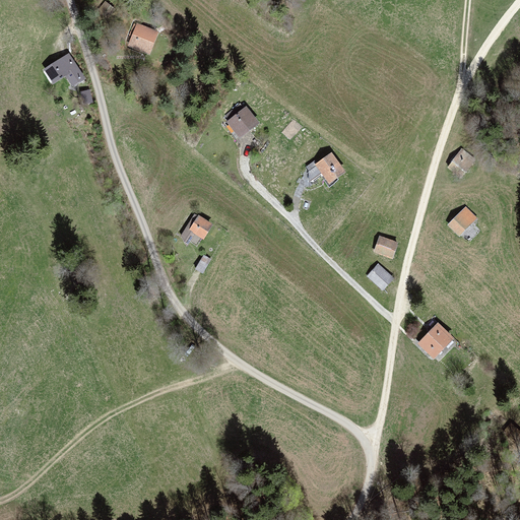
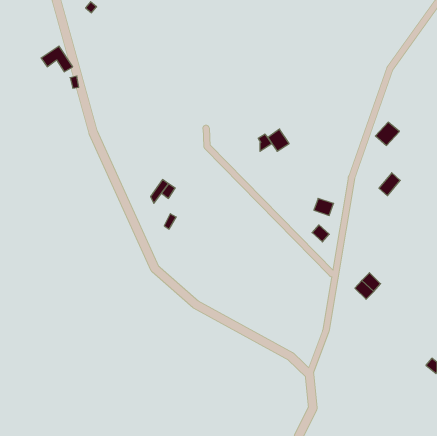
building: [133,23,159,52] -> none
building: [226,108,256,134] -> none

